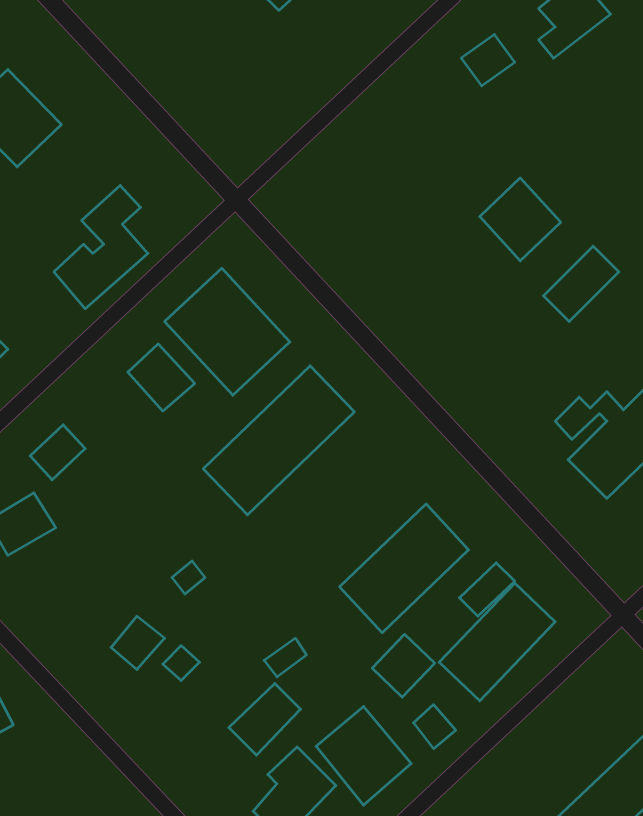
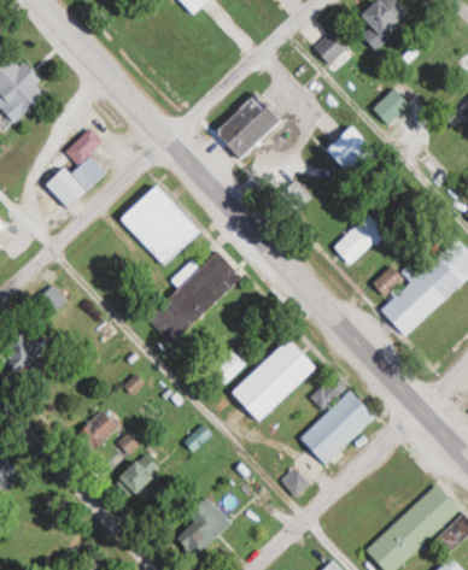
building: none -> [369,87,406,125]
building: none -> [212,92,279,158]
building: [543,246,619,322] -> [333,216,382,265]
building: [128,344,195,411] -> none
building: [372,634,435,697] -> none
building: [229,683,301,755] -> [113,453,160,500]
building: [316,706,411,805] -> none

